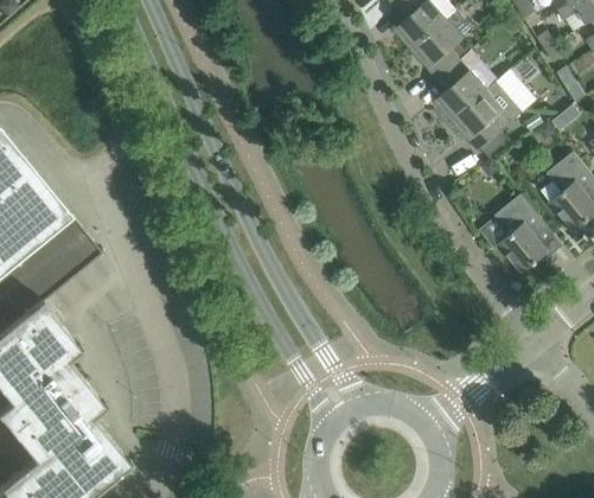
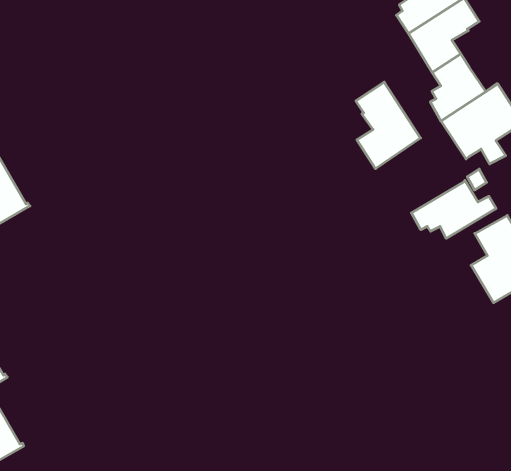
building: none -> [356,82,421,169]
building: none -> [411,180,496,238]

